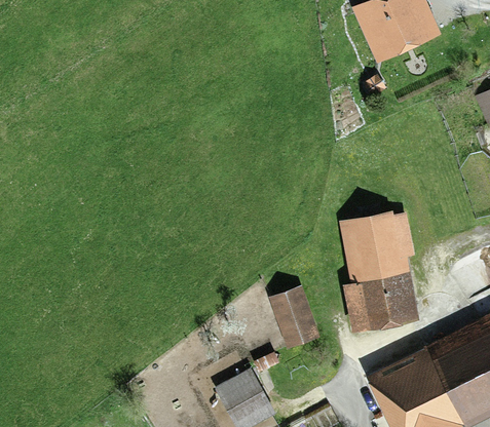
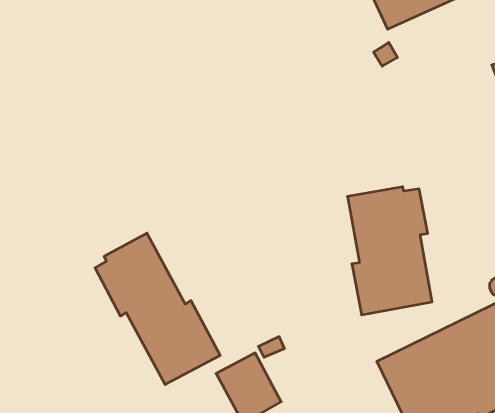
building: none -> [95,233,220,385]
building: [269,285,321,348] -> none

